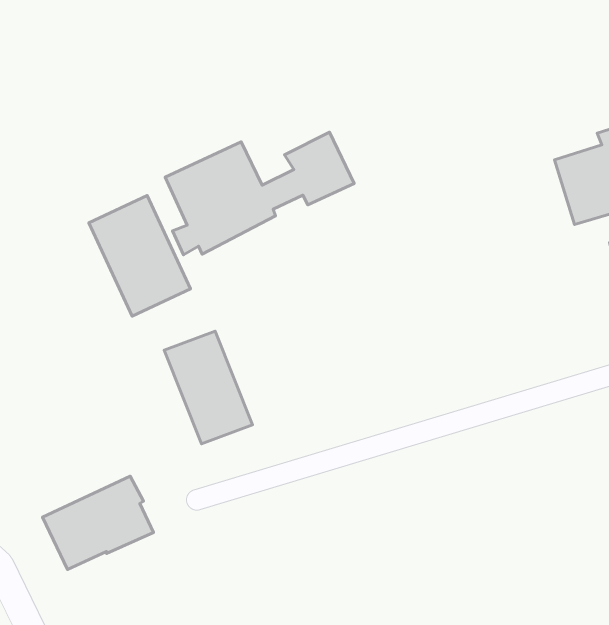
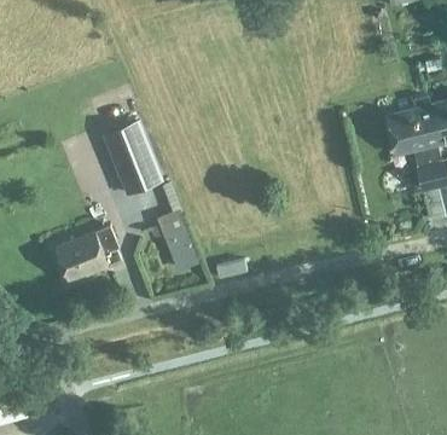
building: [165,132,354,255] -> none
building: [43,476,153,570] -> [57,228,123,283]

